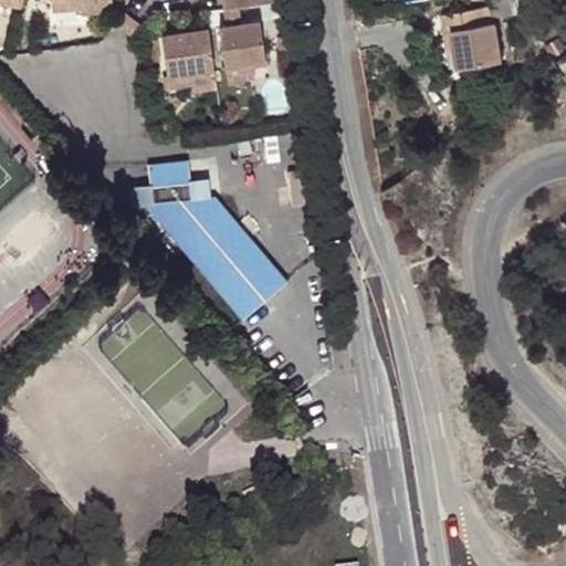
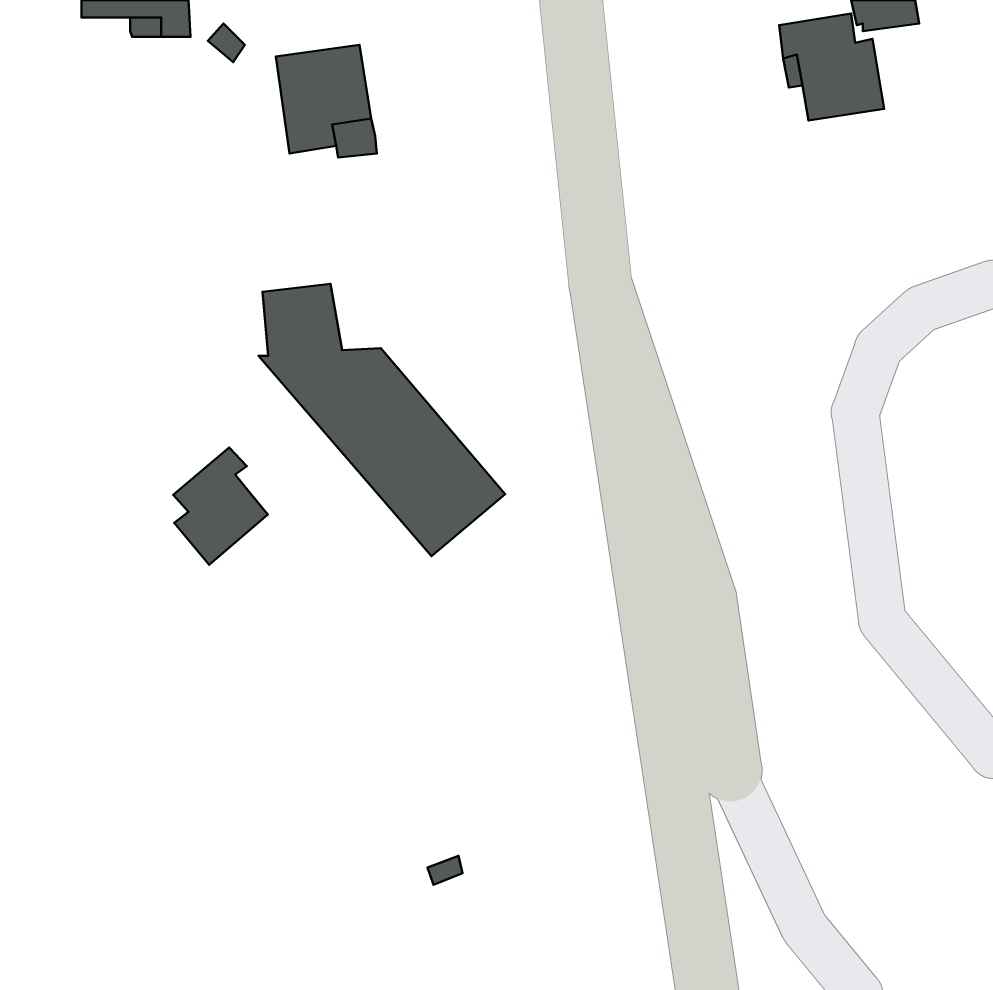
building: [218,20,263,67] -> none
building: none -> [173,448,268,565]

